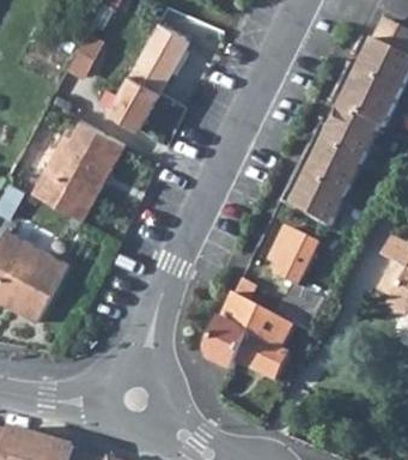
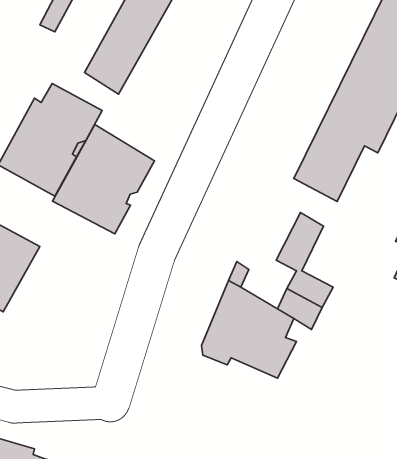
building: none -> [53,125,154,234]

